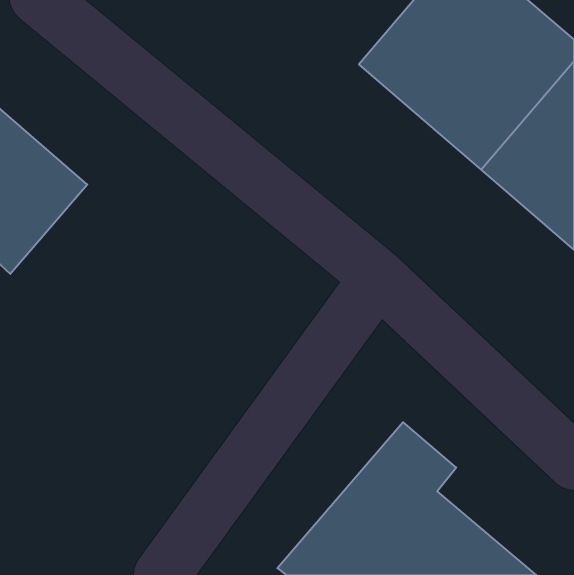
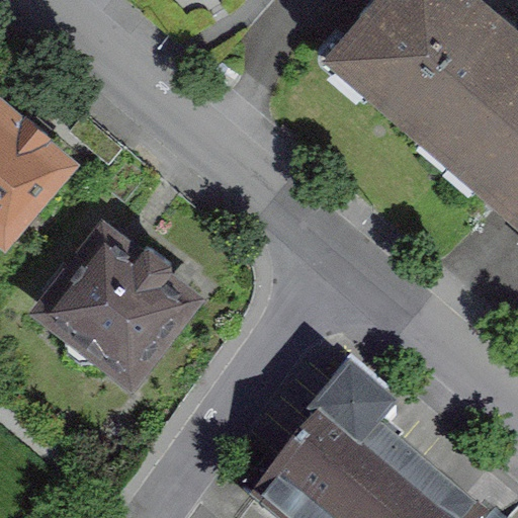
building: none -> [39,219,208,384]

